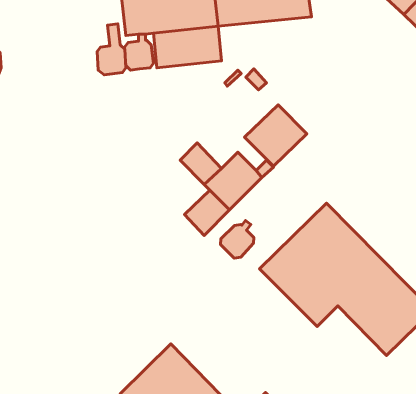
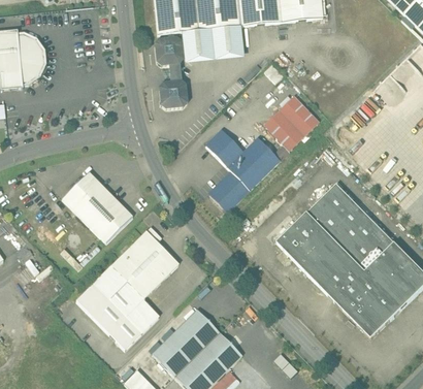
building: [97,24,126,75] -> [160,63,186,108]
building: none -> [62,172,133,244]
building: [221,220,254,258] -> none
building: none -> [75,227,178,350]
building: none -> [328,275,390,338]

